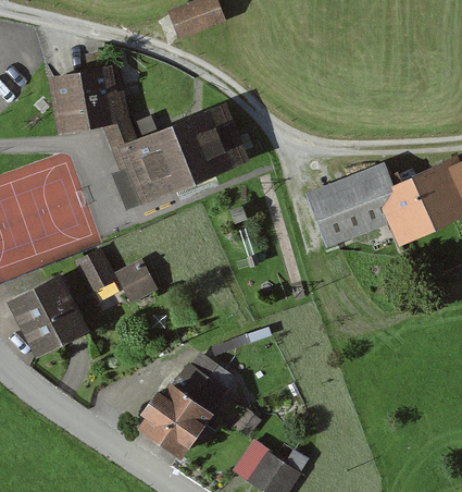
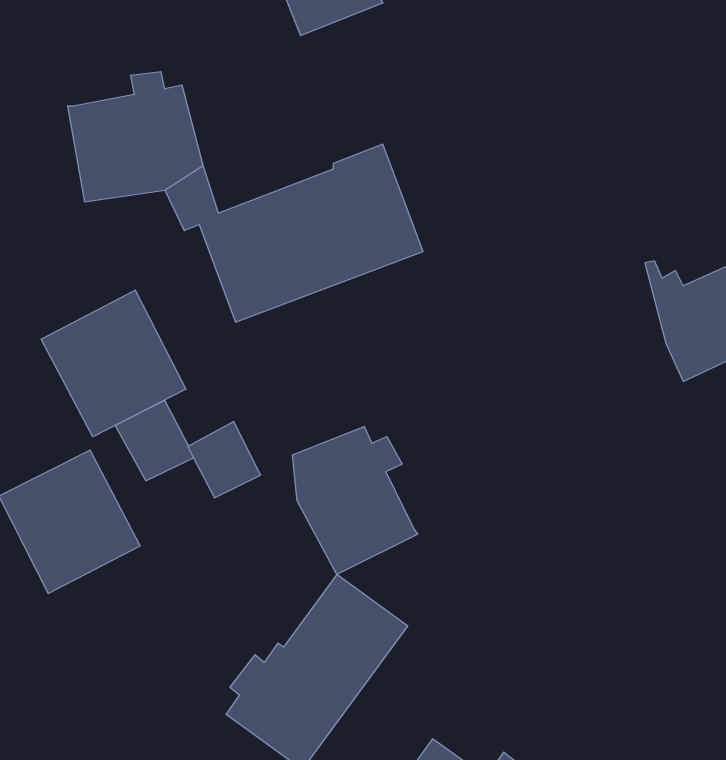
building: [305,170,388,241] -> none
building: none -> [41,290,186,437]
building: none -> [293,426,418,574]

